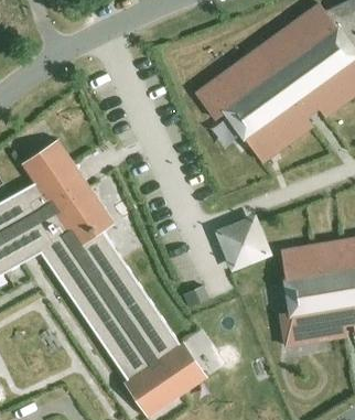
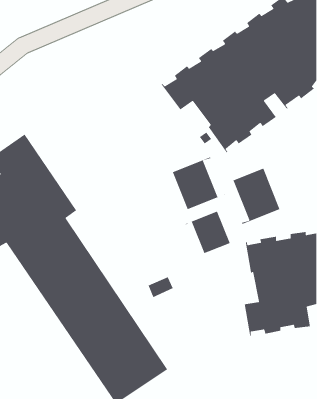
building: none -> [172,157,225,210]
building: none -> [226,167,280,225]

